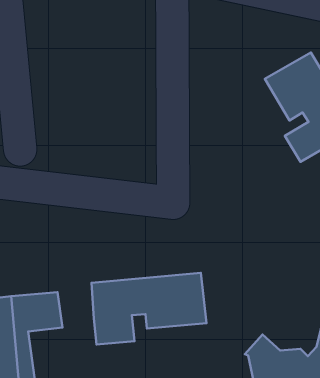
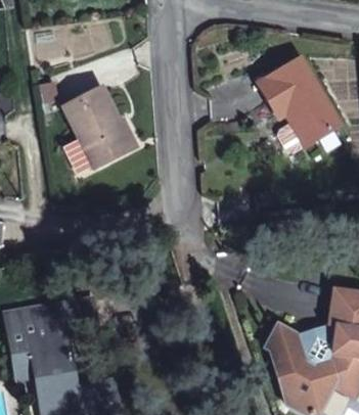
building: none -> [68,92,134,173]
building: [91,273,207,344] -> none

